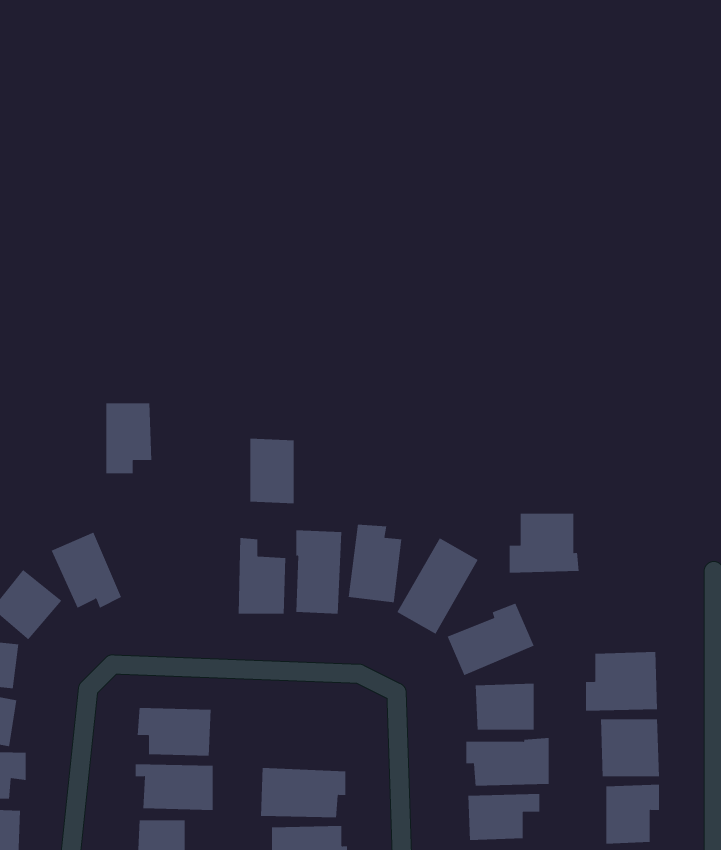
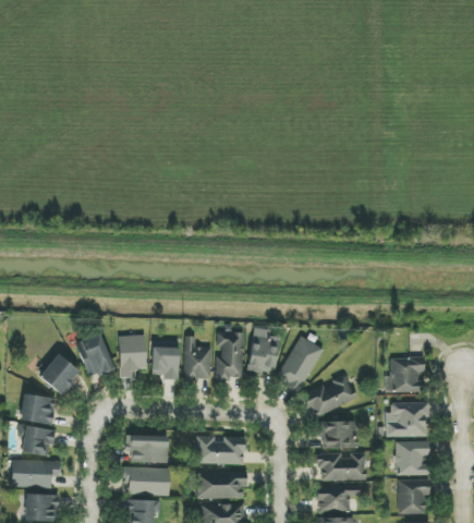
building: [105,403,152,474] -> [119,336,146,377]
building: [250,438,294,504] -> [151,340,178,378]
building: [509,513,580,573] -> [384,357,425,392]
building: none -> [197,436,244,464]

